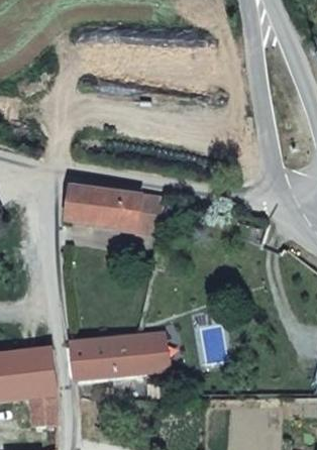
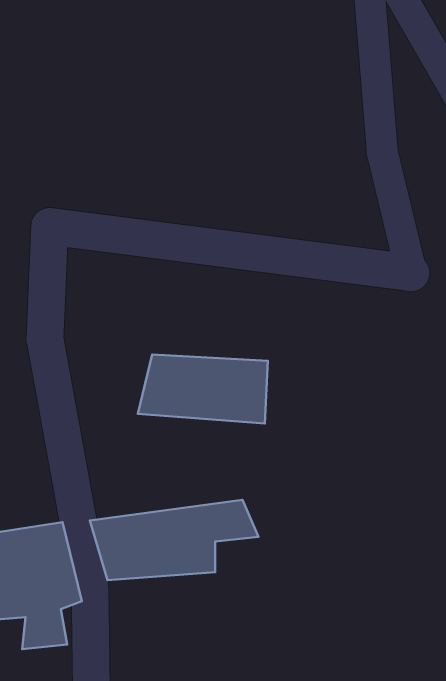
building: [65,186,146,229] -> [138,354,268,424]

